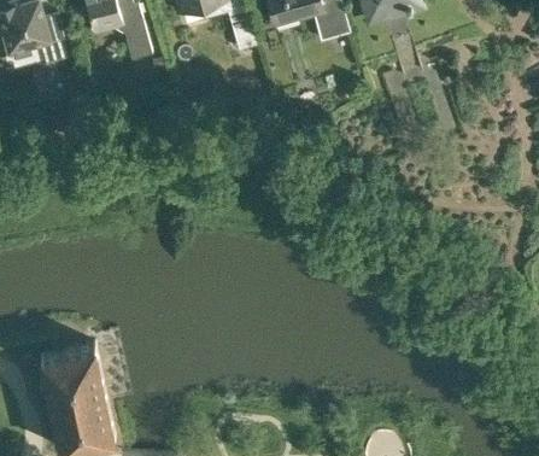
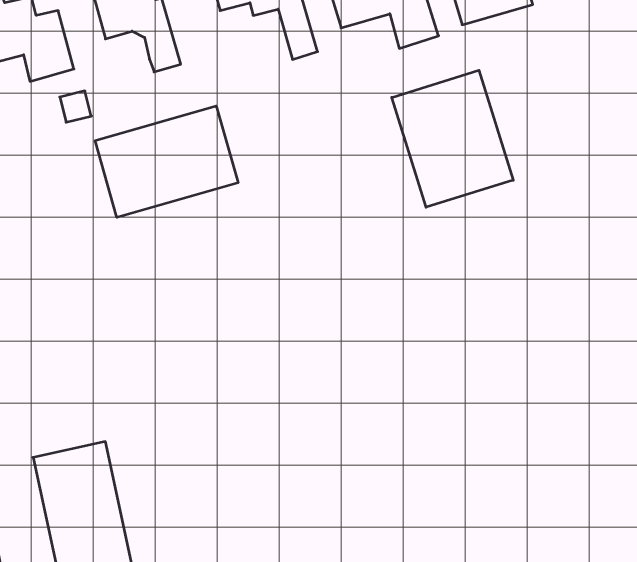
building: none -> [392,70,513,207]
building: none -> [95,106,238,217]

